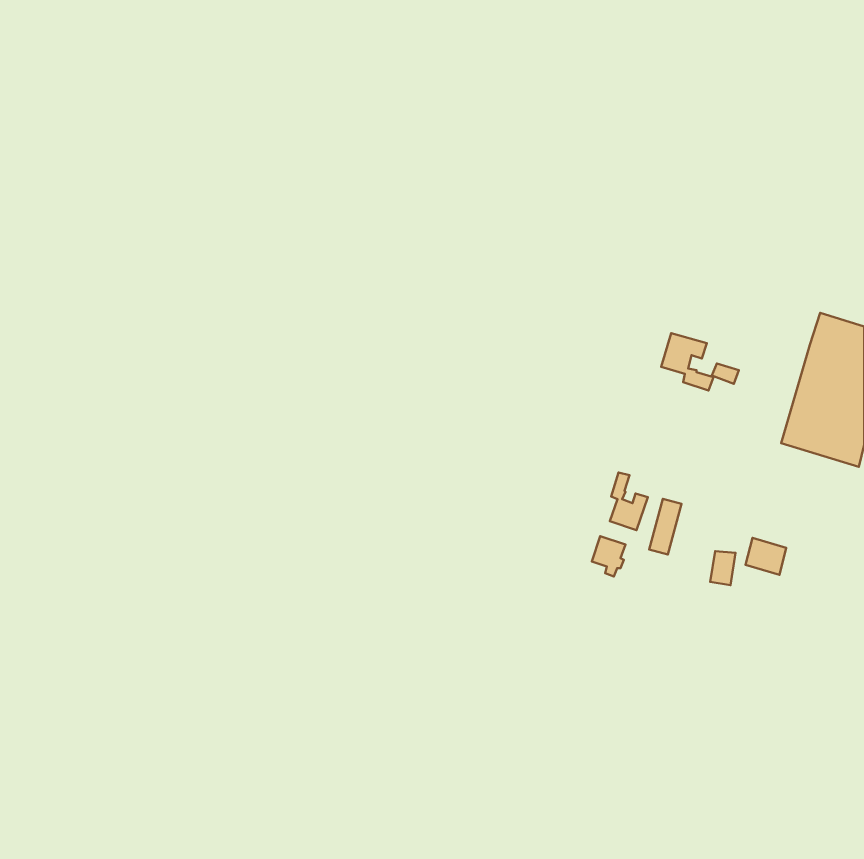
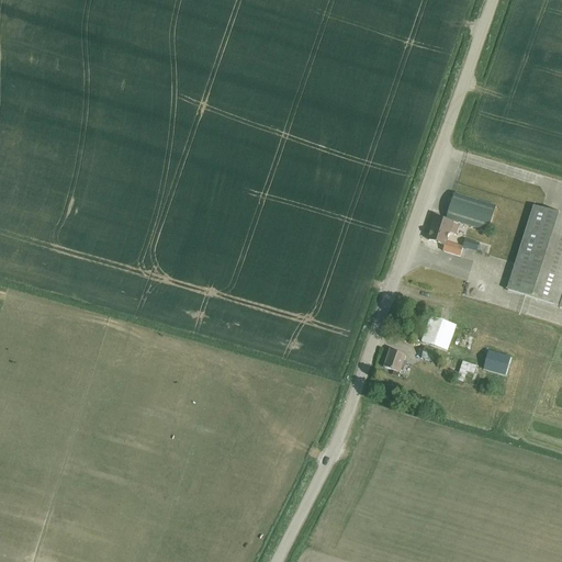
building: none -> [447,192,496,228]
building: [610,472,648,530] -> none

